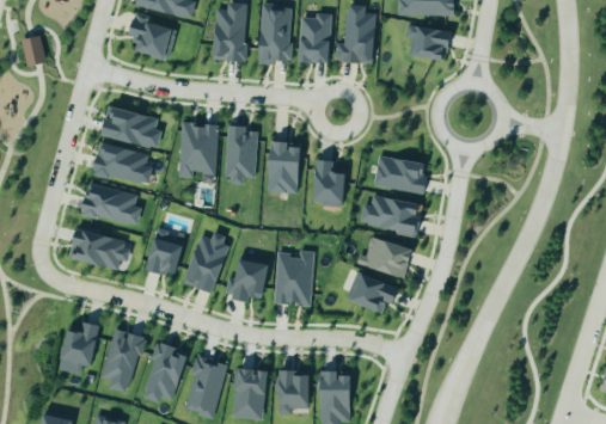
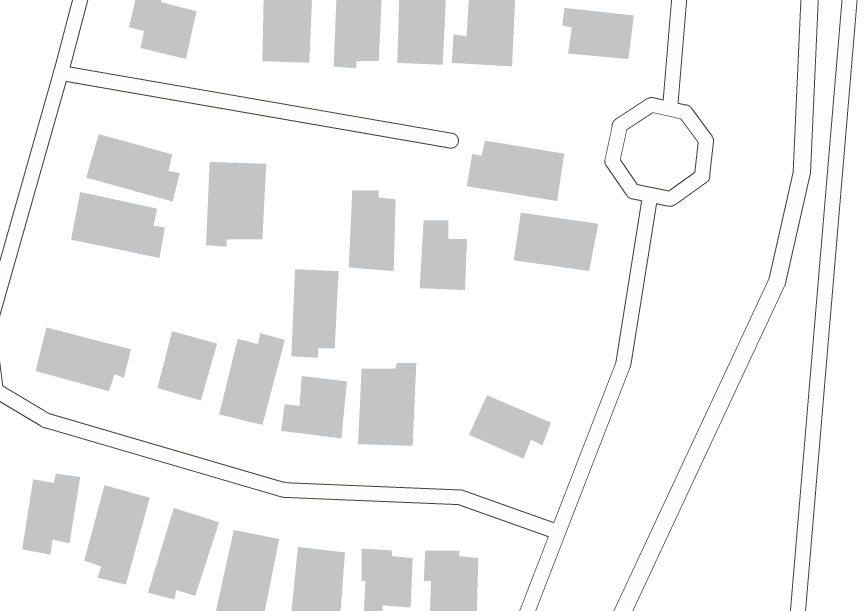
building: [225,127,256,184] -> [291,269,339,359]
building: [80,184,140,225] -> none
building: [359,195,422,234] -> [466,140,565,202]
building: [355,235,412,277] -> none

